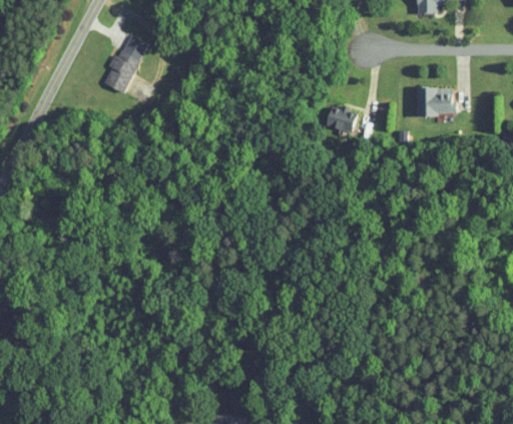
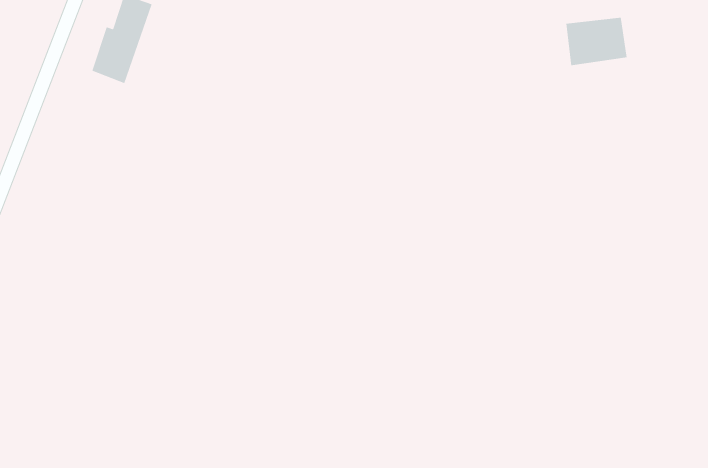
building: [326,105,357,134] -> none

